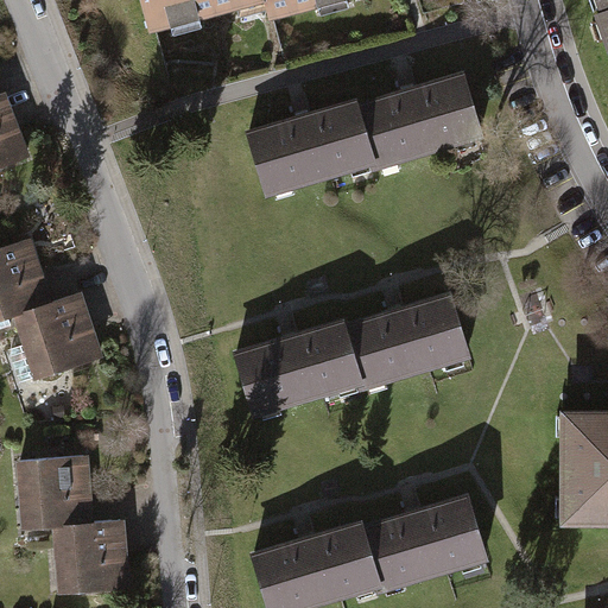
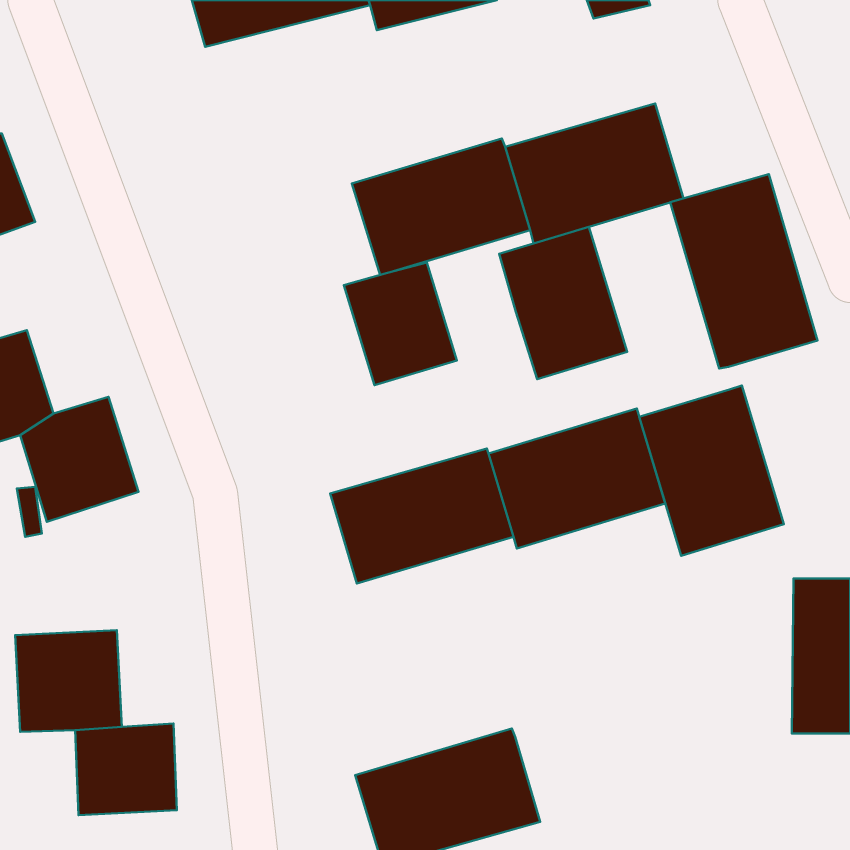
building: none -> [670,174,818,369]
building: none -> [499,227,627,379]
building: none -> [344,262,457,385]
building: none -> [639,385,784,556]
building: [367,495,492,595] -> none

